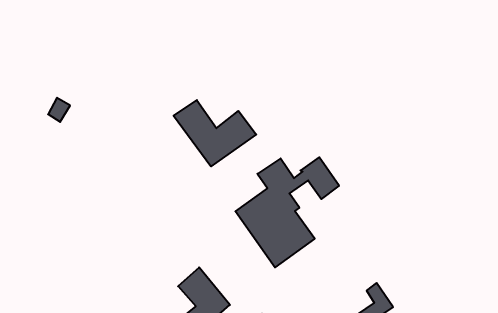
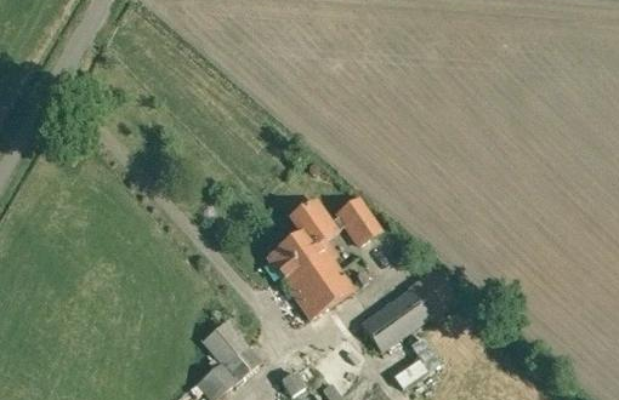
building: [174,100,256,166] -> none
building: none -> [362,269,459,352]

